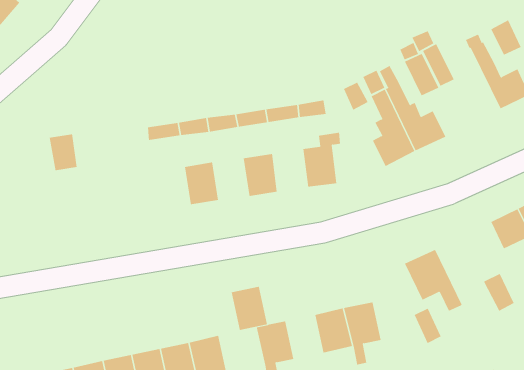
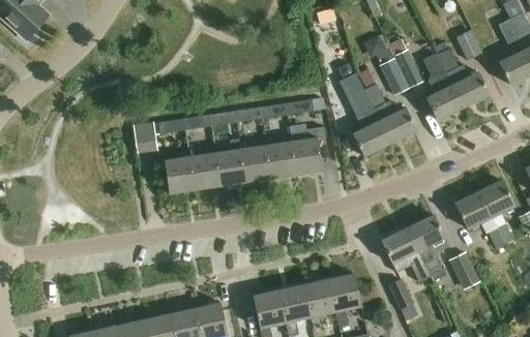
building: none -> [424,54,463,120]
building: [49,134,78,171] -> [132,121,157,153]
building: none -> [266,141,296,178]
building: none -> [214,149,245,185]
building: none -> [164,156,195,193]
building: none -> [407,214,448,280]
building: [231,286,268,330] -> [277,284,310,323]

